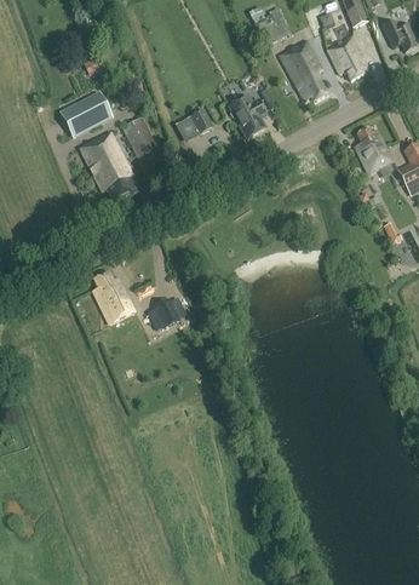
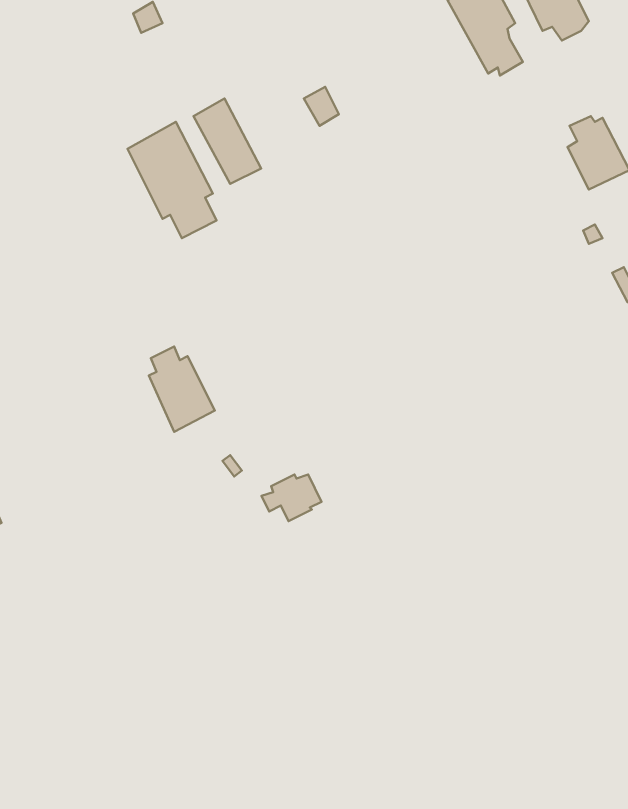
building: [64,93,110,133] -> none
building: [229,96,266,138] -> none
building: [148,298,185,327] -> [262,475,322,521]

